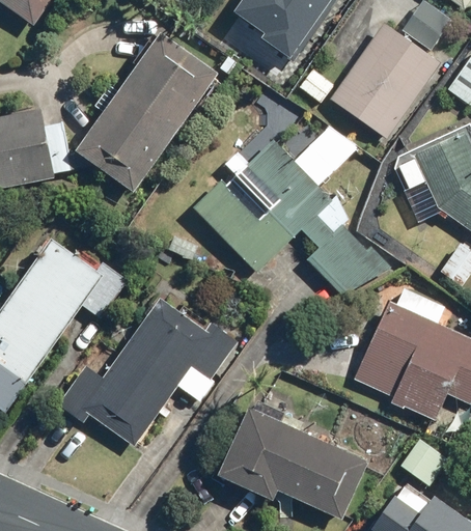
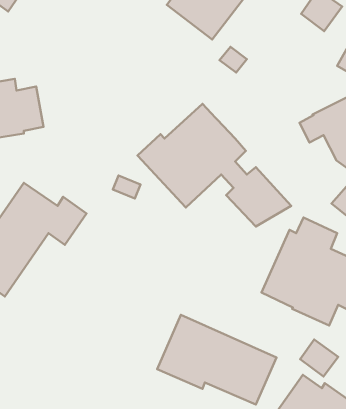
building: [329,23,440,140] -> none
building: [78,32,217,190] -> none
building: [293,122,356,185] -> none
building: [57,296,239,446] -> none

